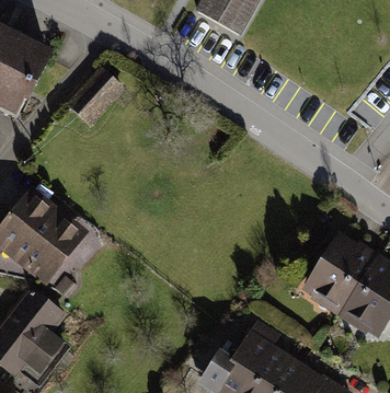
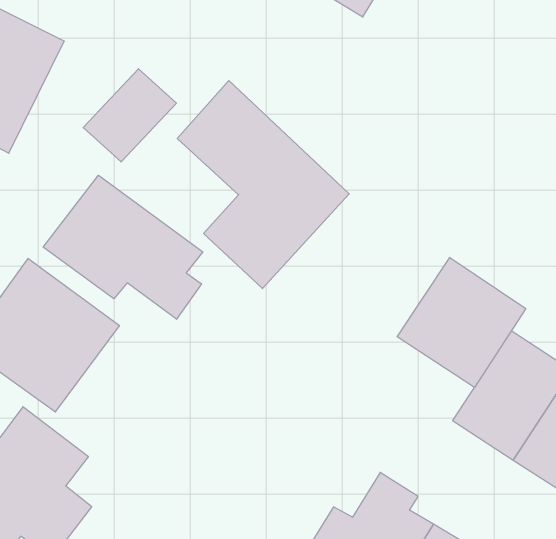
building: none -> [177,81,349,289]
building: none -> [43,175,203,319]
building: none -> [397,257,526,387]

